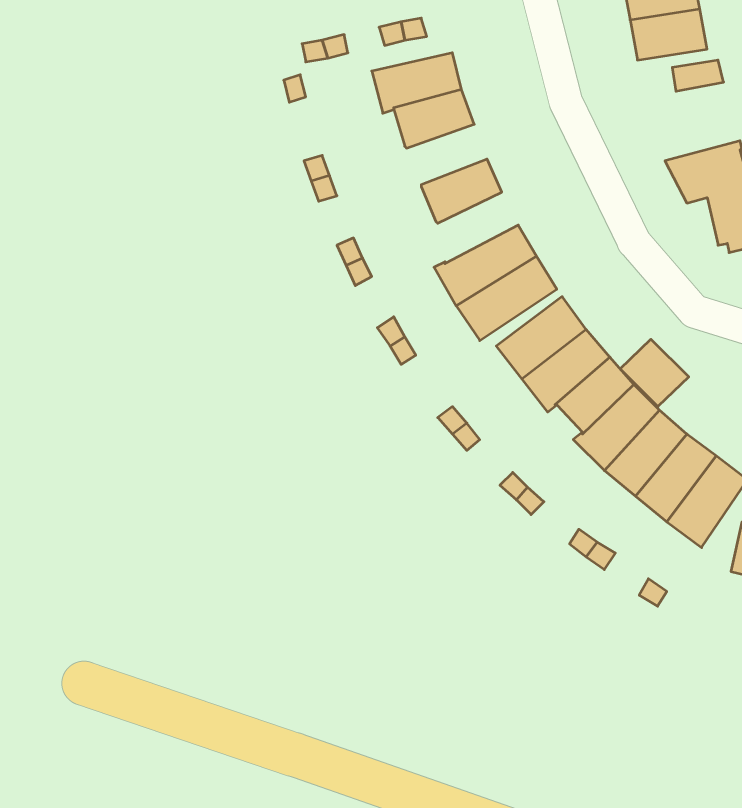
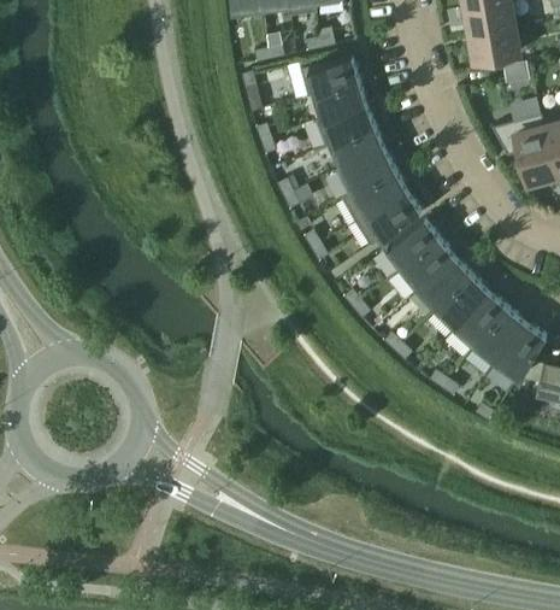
building: none -> [316,104,376,147]
building: none -> [336,148,396,195]
building: [620,339,689,407] -> none

